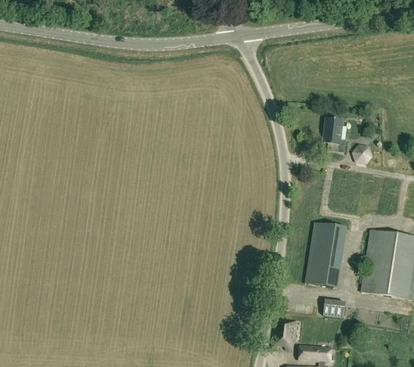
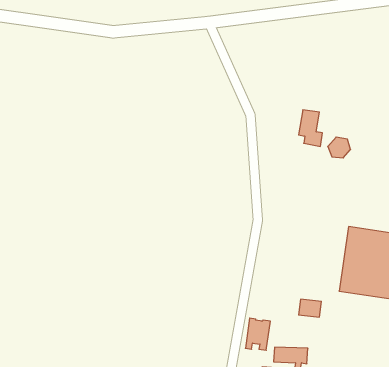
building: [304,221,342,286] -> none

